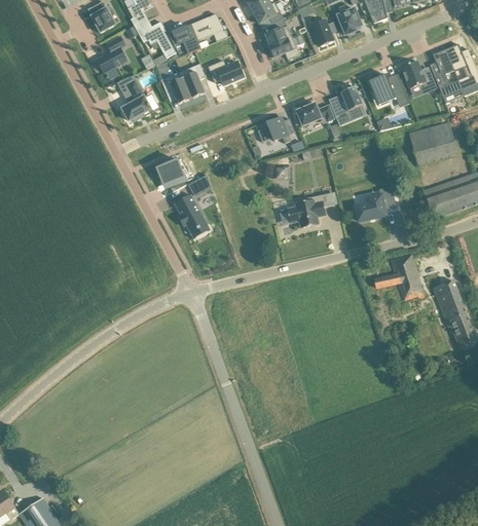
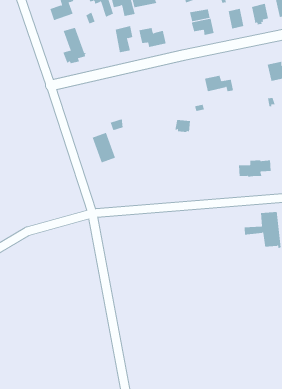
building: [159,70,189,103] -> none
building: [329,86,365,118] -> none
building: [257,117,295,143] -> none
building: [156,157,189,191] -> none
building: [287,199,326,227] -> none

